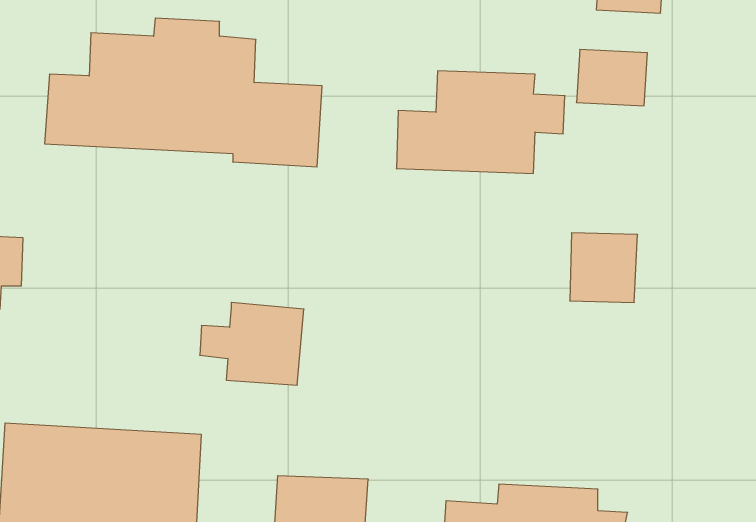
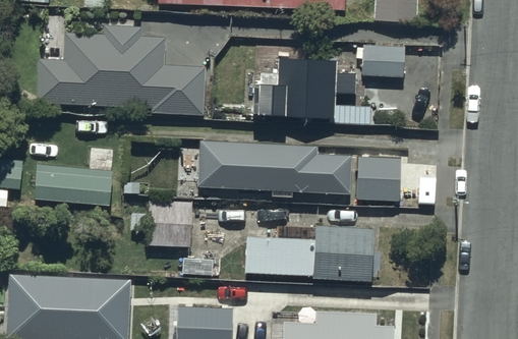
building: none -> [199,142,350,190]
building: none -> [36,163,111,202]
building: none -> [245,226,373,282]

